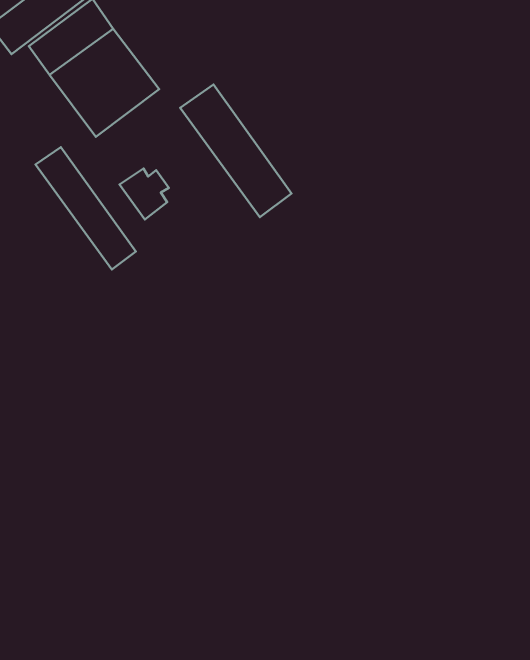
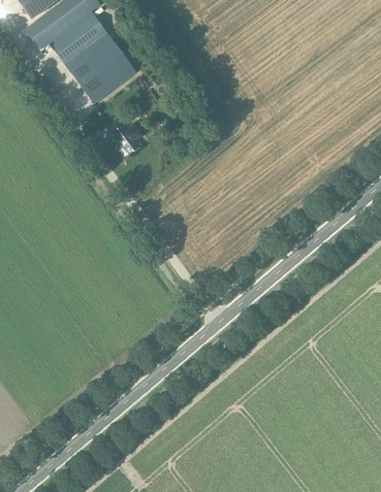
building: [180,85,291,217] -> none
building: [35,147,136,270] -> none

